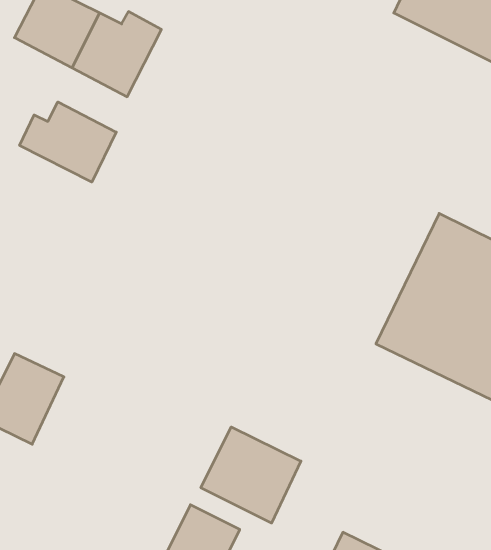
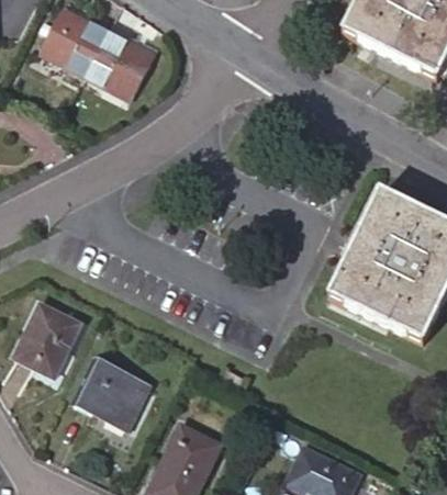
building: [20,102,116,182] -> none
building: none -> [75,358,148,428]
building: [201,427,301,523] -> none

